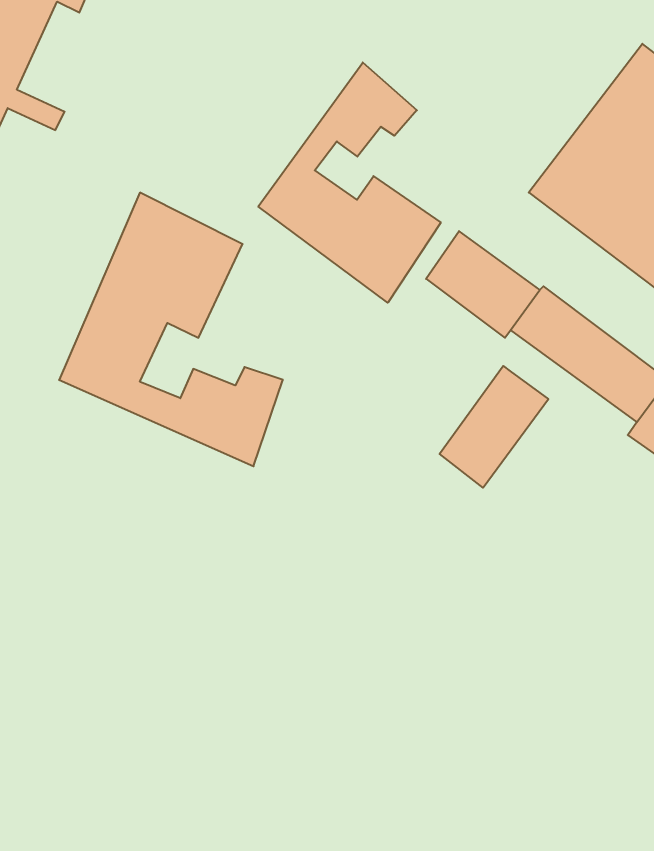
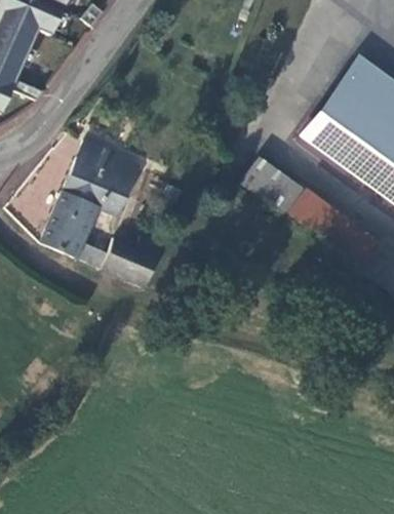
building: [258,62,441,303] -> none
building: [440,366,548,488] -> none

